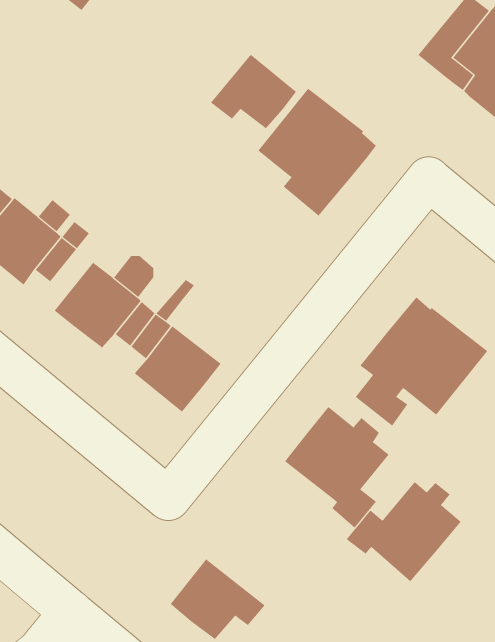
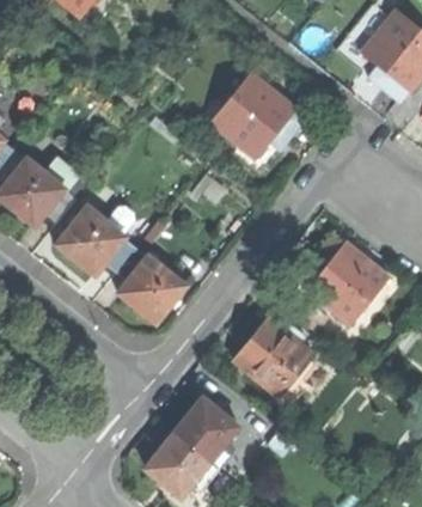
building: [210,54,297,129] -> none
building: [346,481,461,582] -> none
building: none -> [173,397,237,469]

